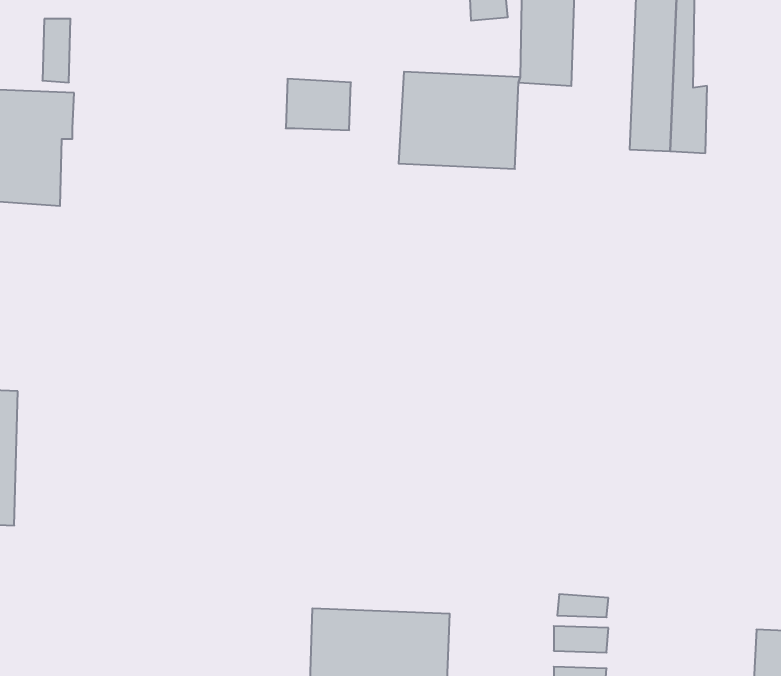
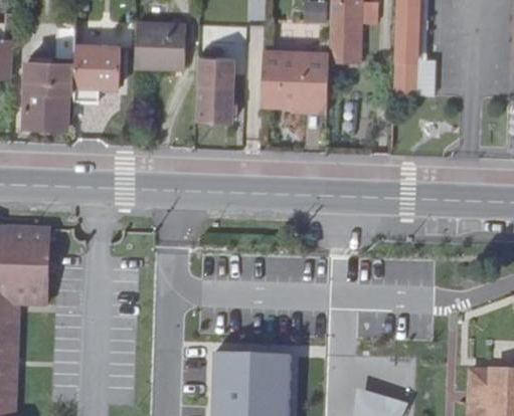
building: none -> [137,21,187,67]
building: none -> [76,42,123,83]
building: none -> [201,83,234,121]

